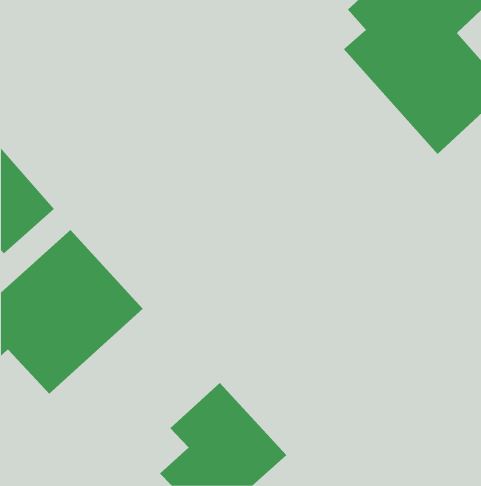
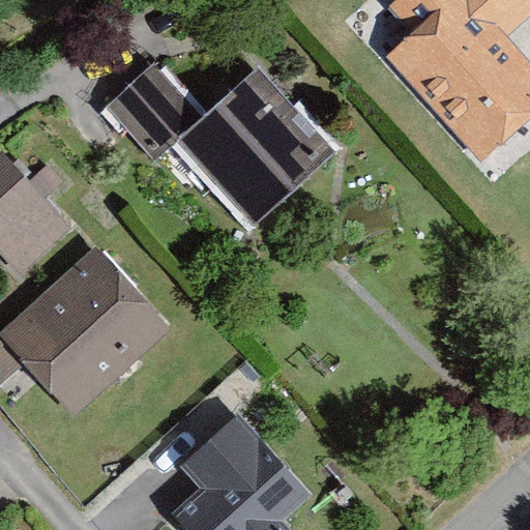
building: none -> [110,68,328,224]

